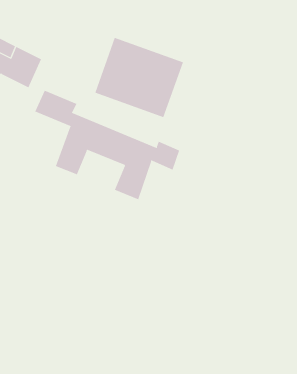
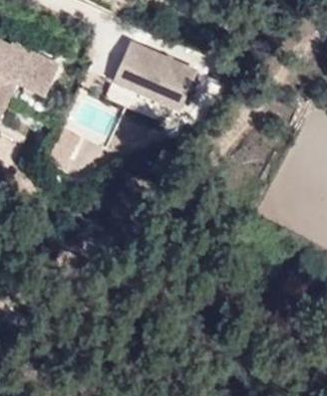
building: [35,90,180,200] -> none

